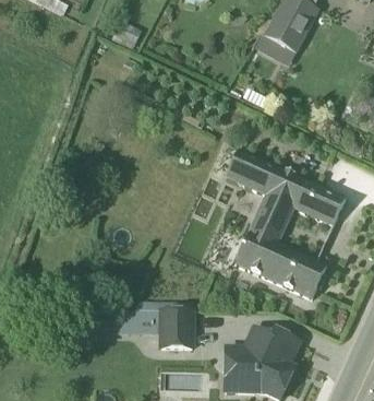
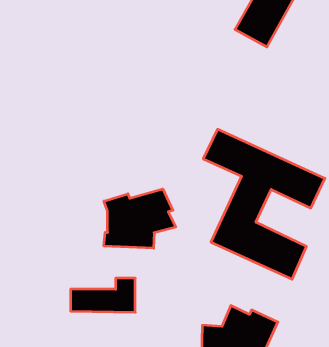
building: none -> [104,189,176,248]
building: [162,309,195,350] -> none

